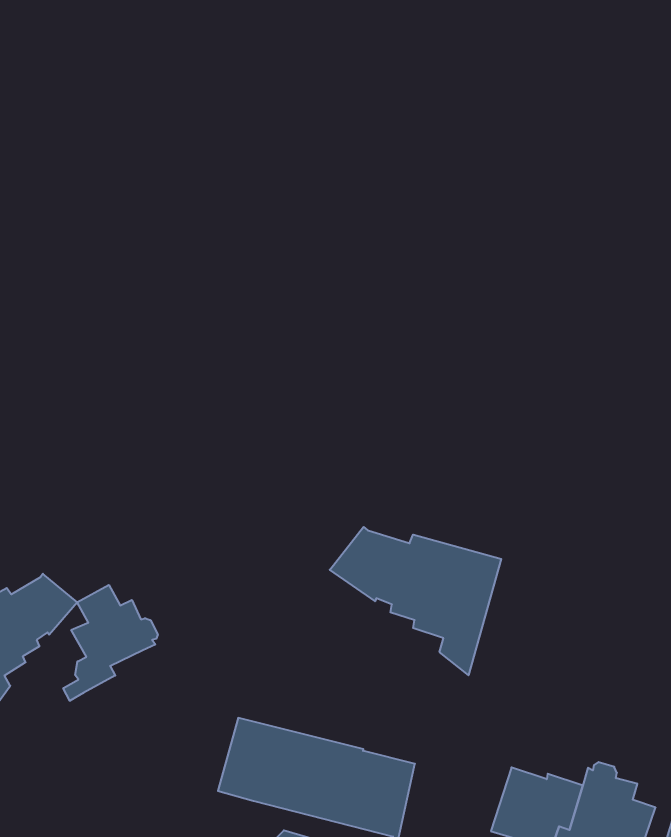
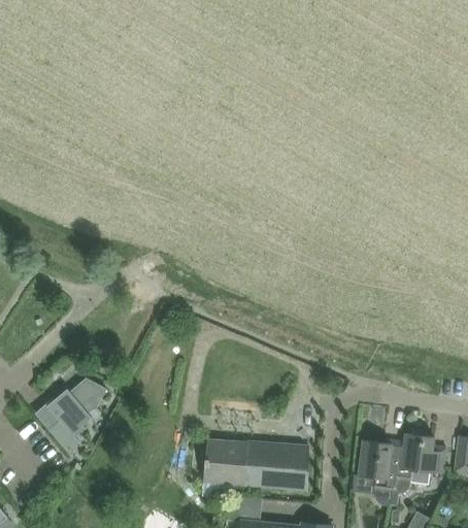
building: [330,527,501,675] -> none
building: [63,585,158,701] -> none

